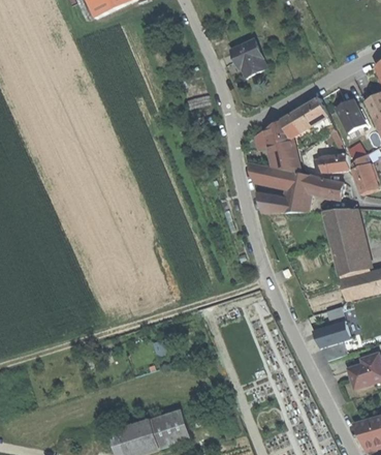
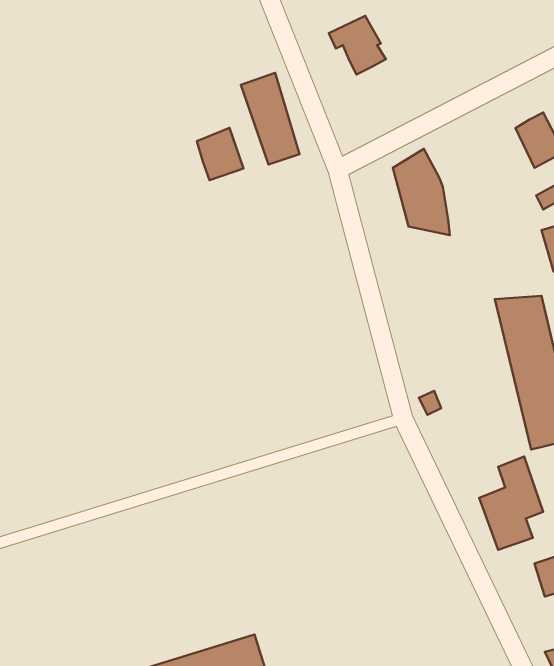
building: [282,97,332,138] -> none
building: none -> [197,128,243,180]
building: [314,154,350,172] -> none
building: [248,161,344,213] -> none

